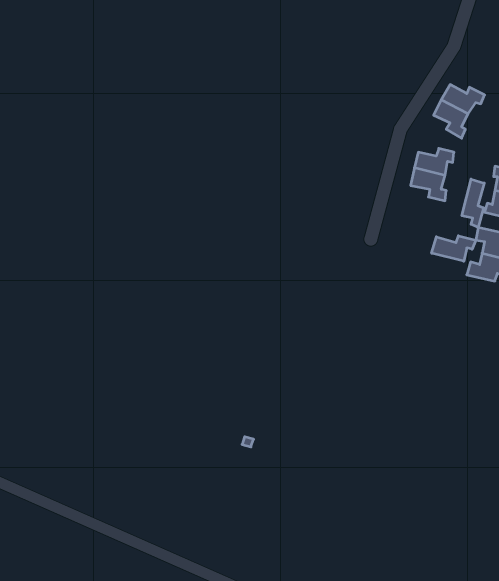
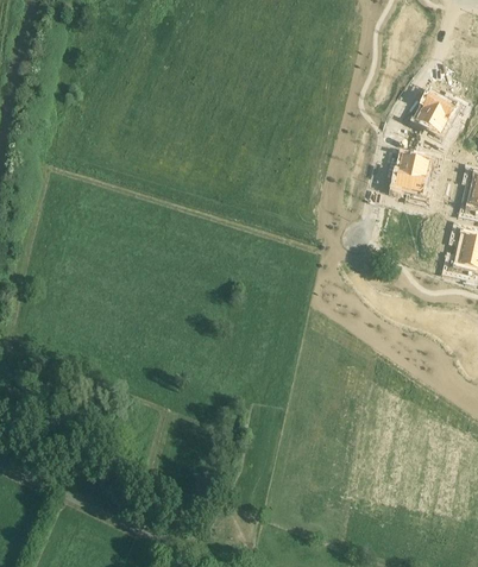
building: [462,179,484,228] -> none
building: [432,236,476,261] -> none

